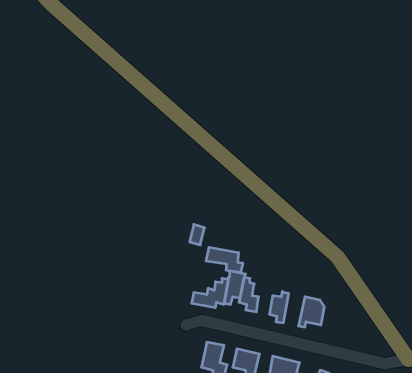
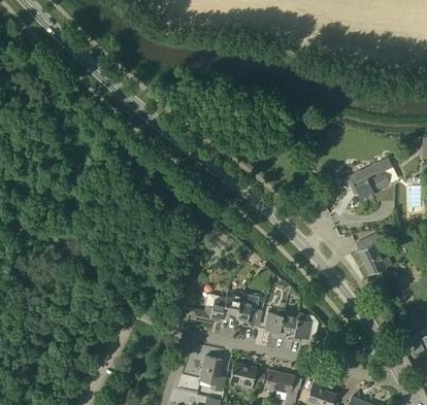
building: none -> [347,156,392,200]
building: none -> [356,237,387,274]
building: [206,247,243,272] -> none
building: none -> [278,309,299,340]

